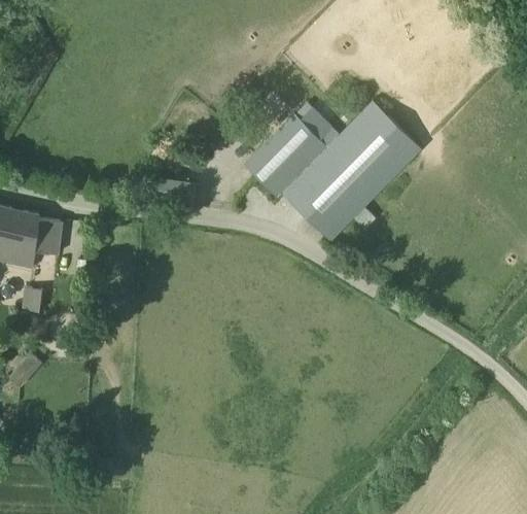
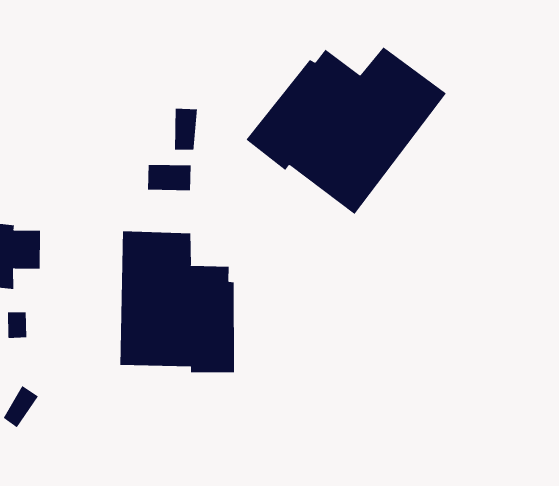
building: none -> [174,108,198,151]
building: none -> [120,230,235,373]

